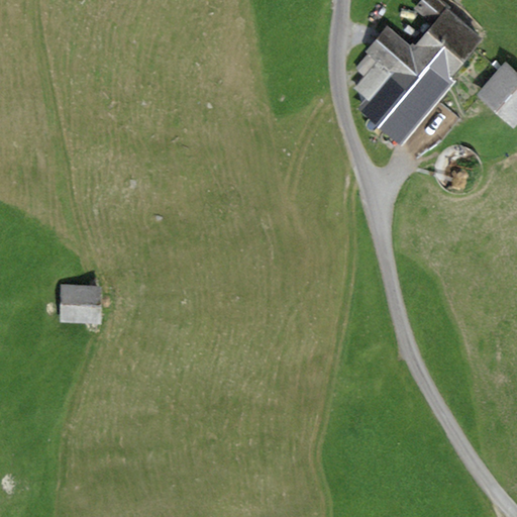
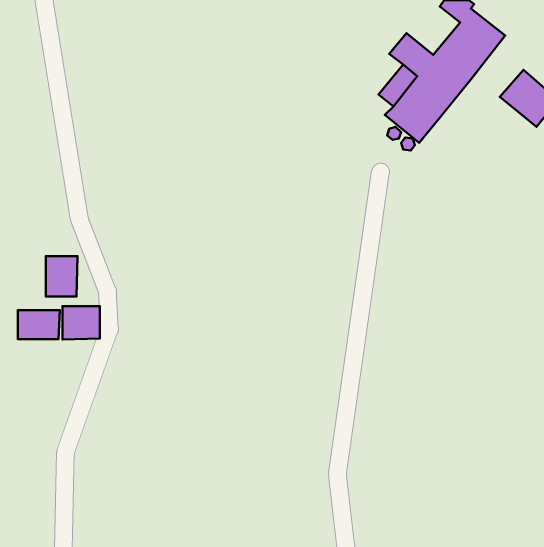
building: none -> [46,256,77,297]
building: none -> [18,310,60,339]

